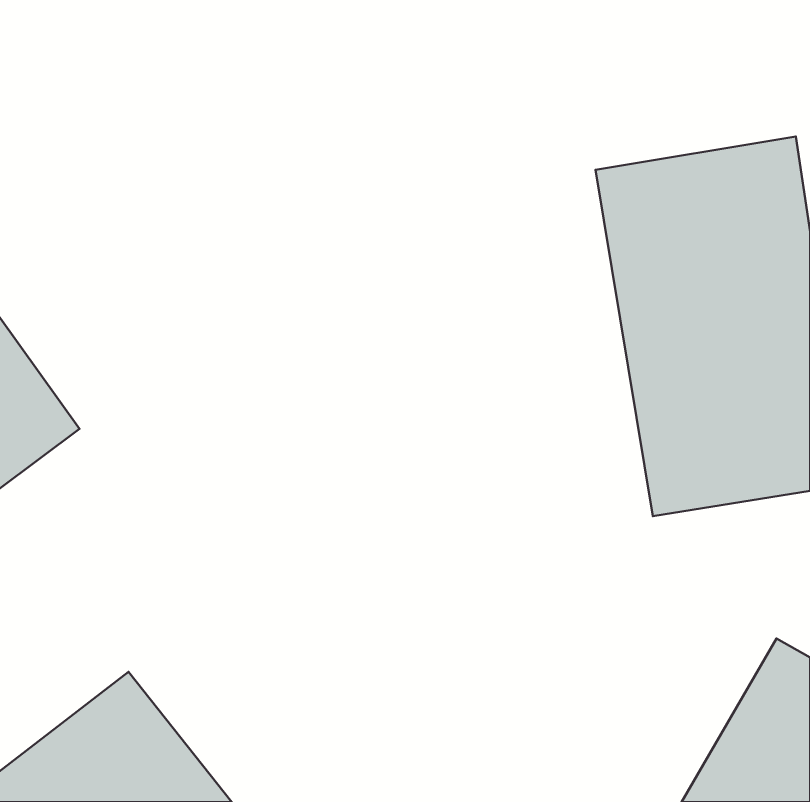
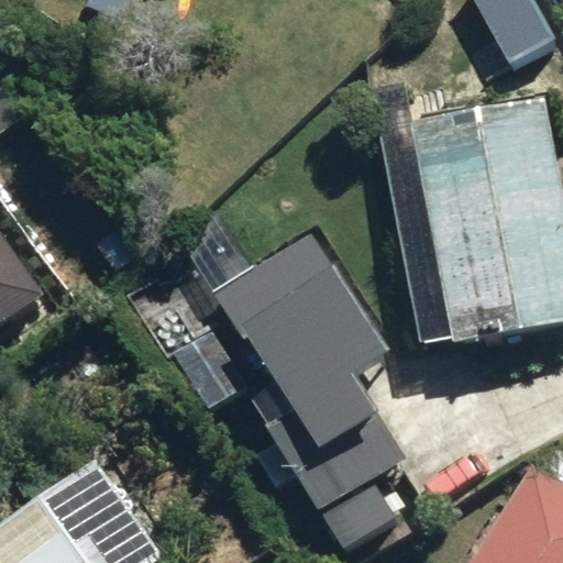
building: none -> [202,277,389,518]

